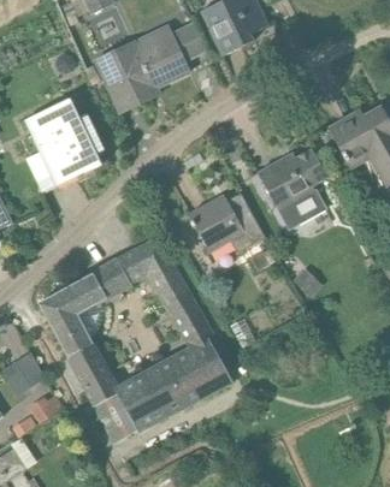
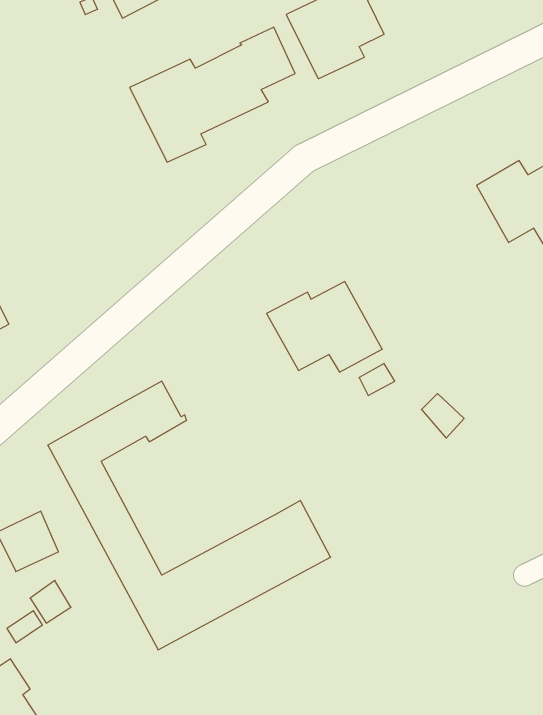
building: [25,99,102,191] -> none
building: [258,148,327,230] -> none
building: [117,238,237,379] -> none

